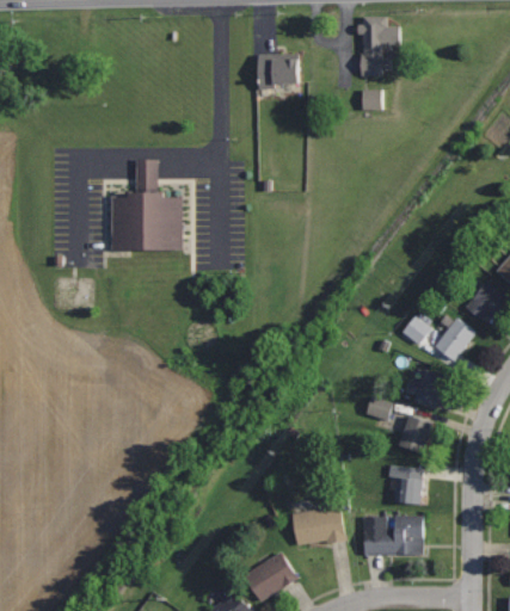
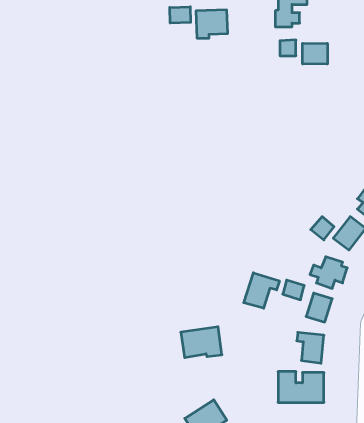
building: none -> [170,7,191,23]
building: none -> [303,43,327,64]
building: [110,159,180,249] -> none
building: none -> [244,273,279,308]
building: [291,506,344,545] -> [181,327,222,358]

